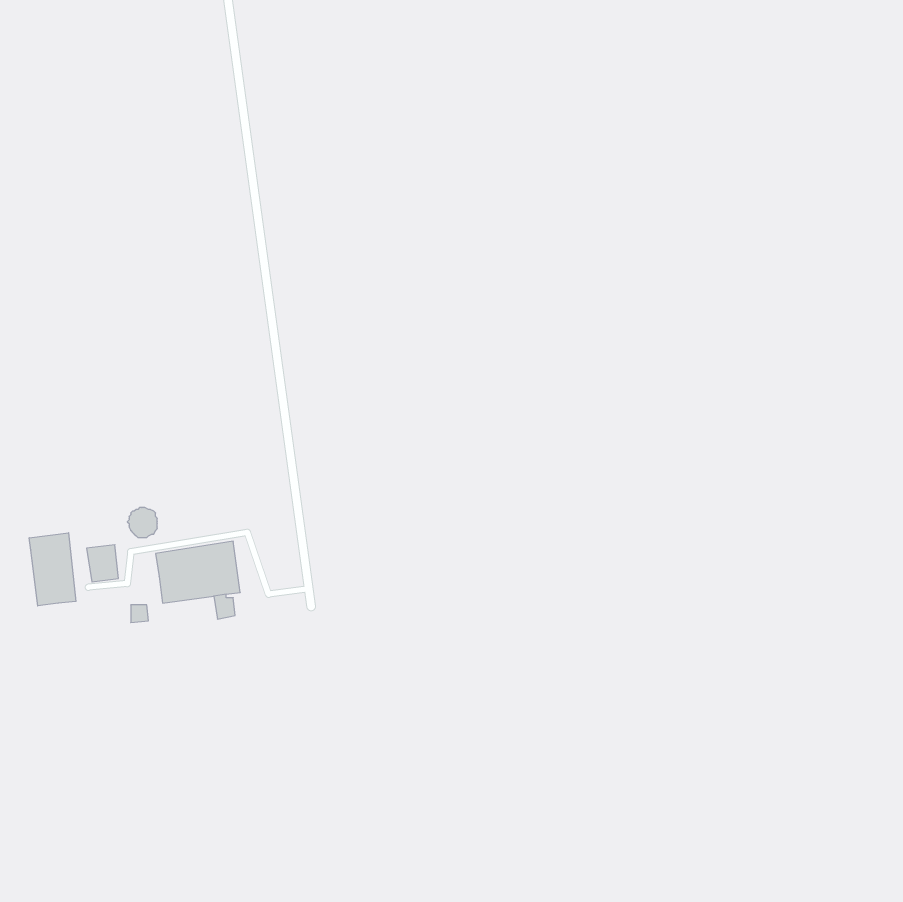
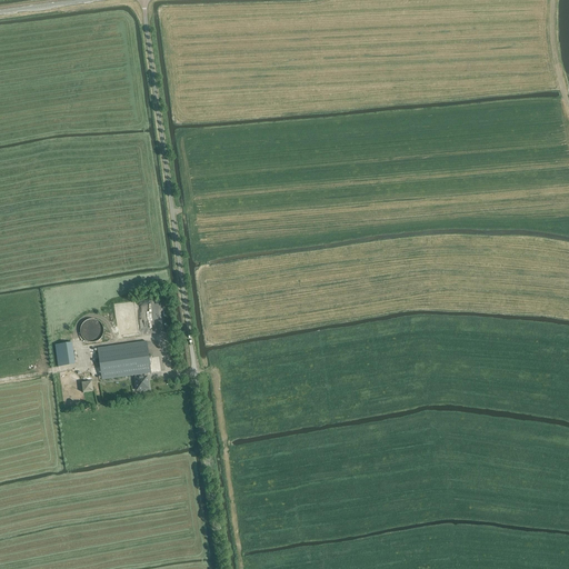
building: [29,533,76,606] -> none

